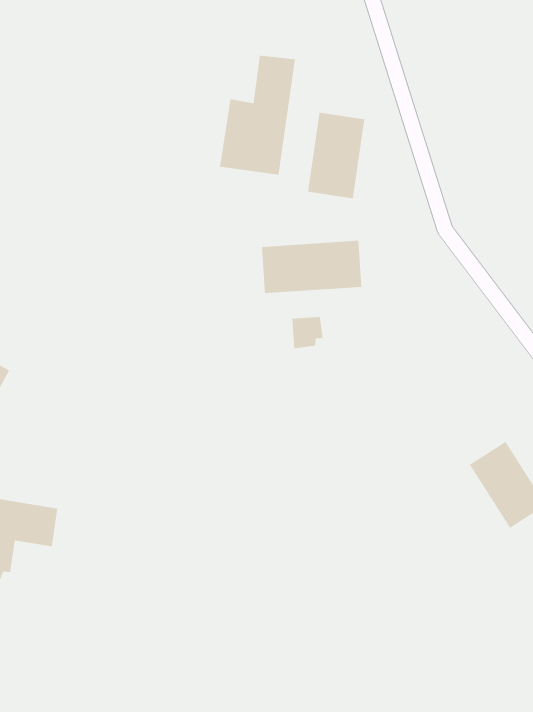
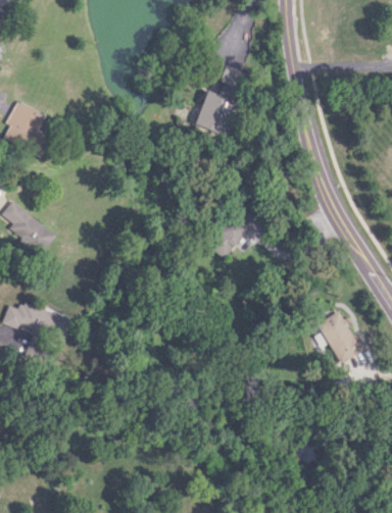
building: [307,112,365,199] -> none
building: [261,240,362,294] -> none

